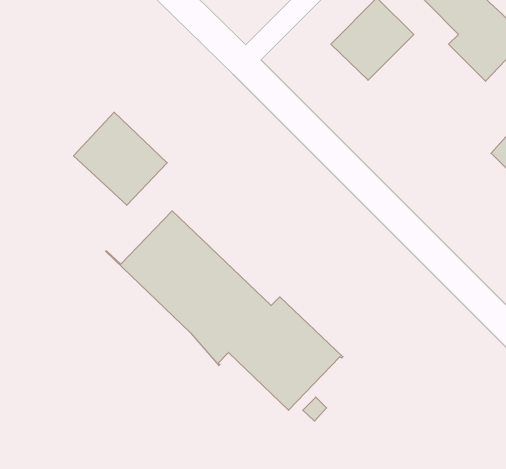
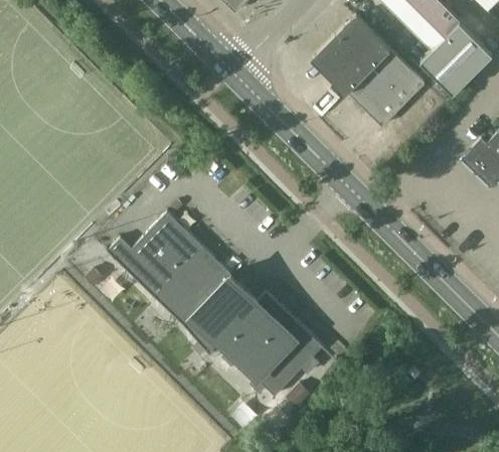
building: none -> [348,49,425,126]
building: [74,112,167,205] -> none

